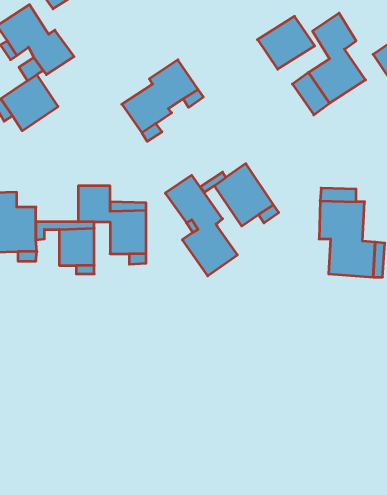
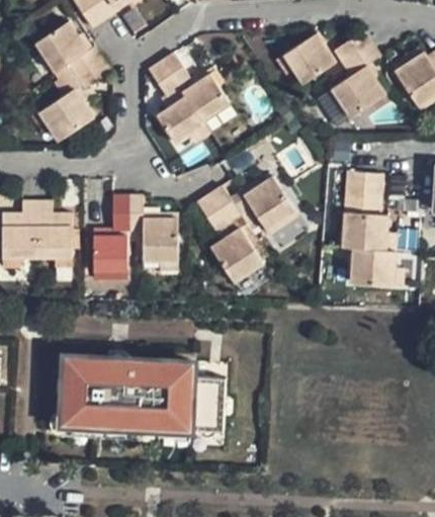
building: none -> [147,52,191,97]
building: none -> [344,171,379,198]
building: none -> [61,358,225,434]

